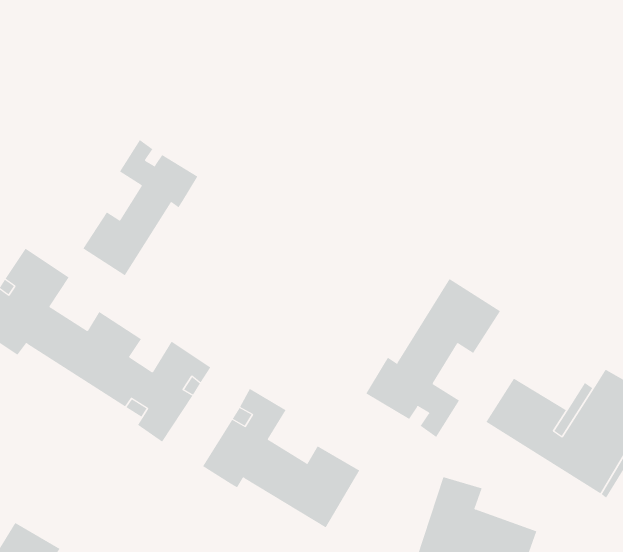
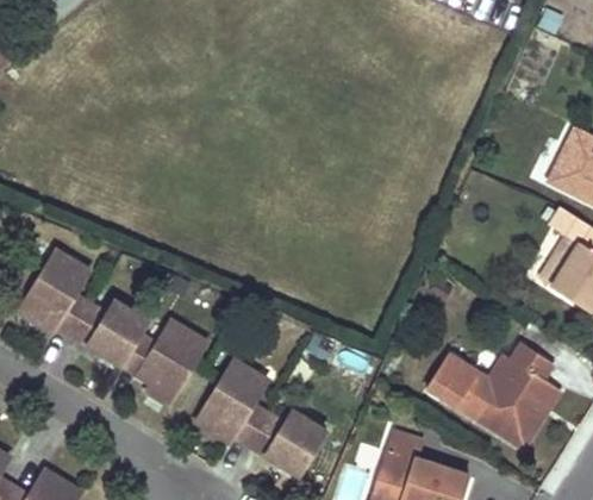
building: [83,139,198,276] -> none
building: [366,278,501,438] -> none

